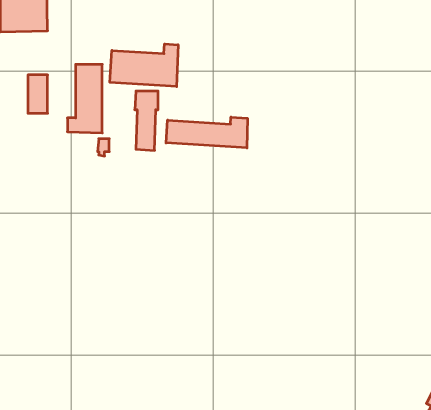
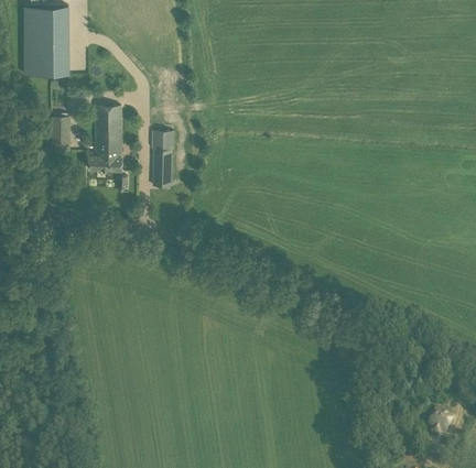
building: [110,44,178,87] -> none
building: [166,117,247,148] -> none

